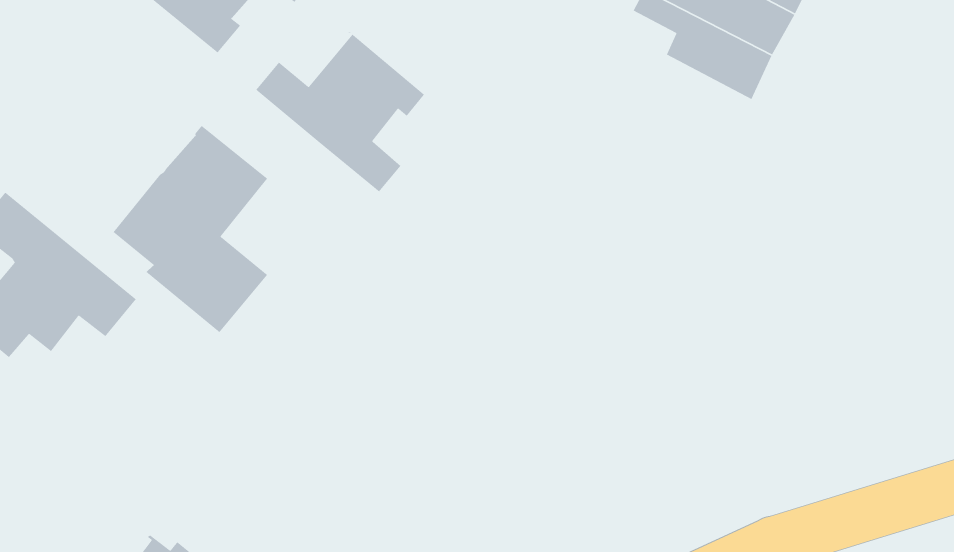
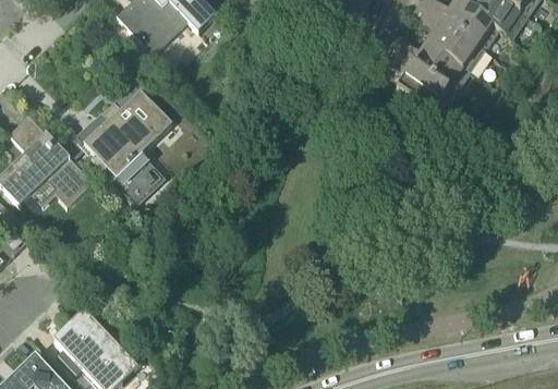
building: [255,31,427,192] -> none

